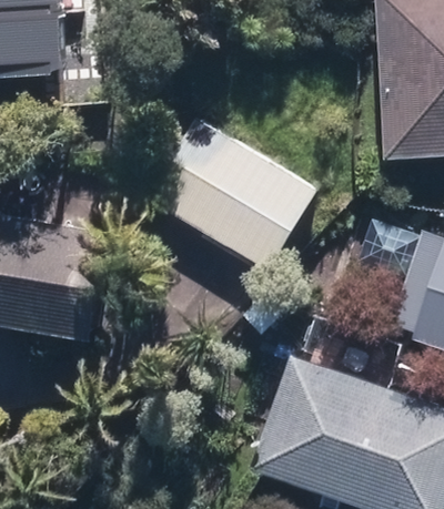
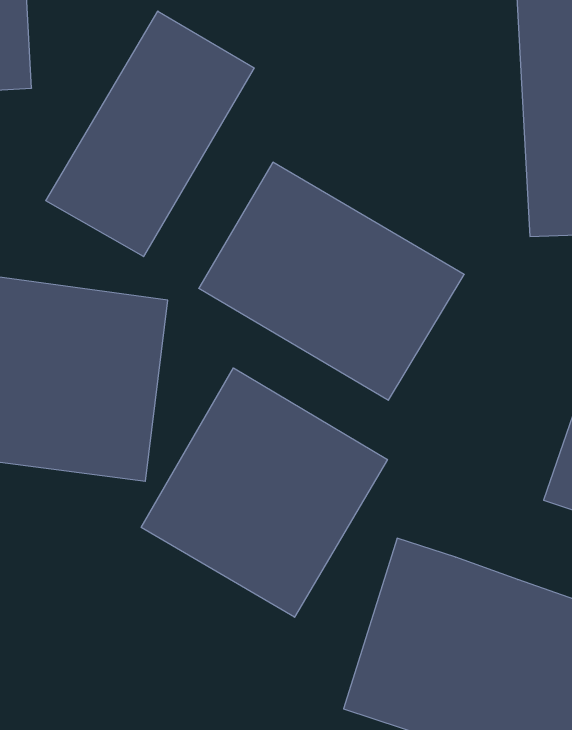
building: none -> [46,11,254,257]
building: none -> [141,368,387,617]

